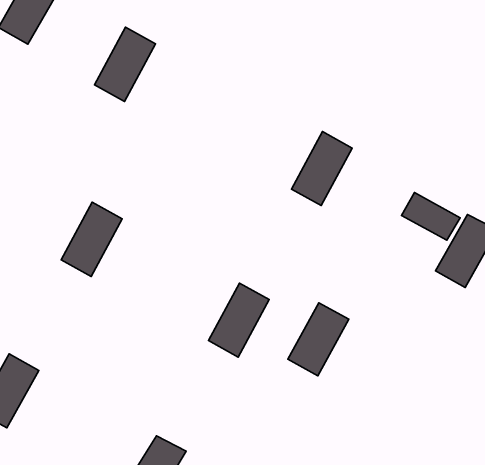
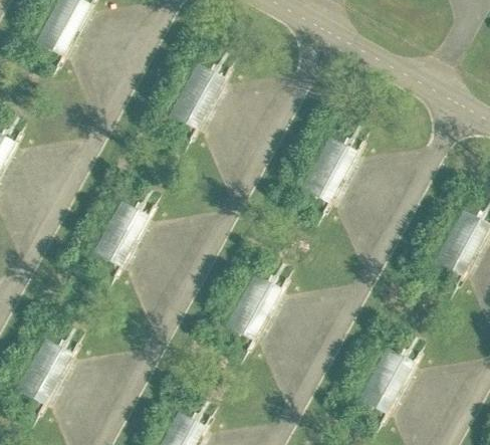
building: [94,27,155,101] -> [167,61,222,129]
building: [402,192,460,240] -> none
building: [288,303,349,376] -> [355,348,411,414]

